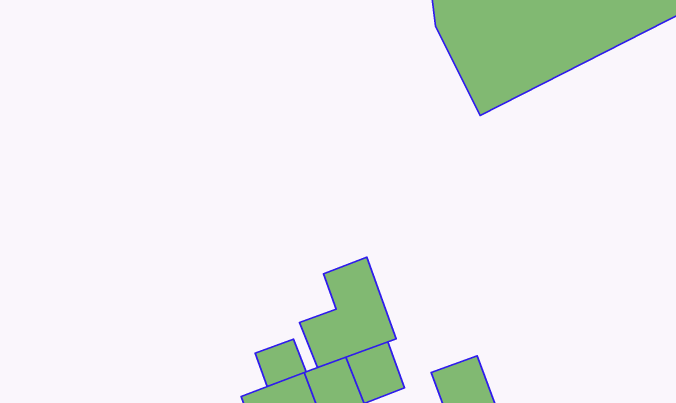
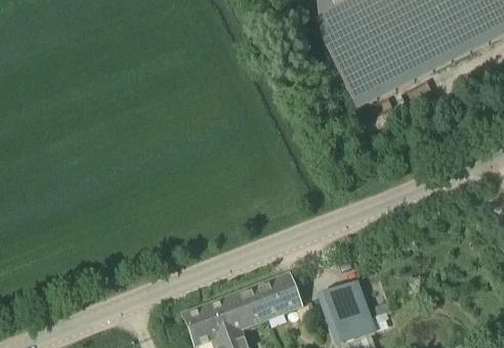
building: [299,257,396,368] -> none
building: [255,339,306,386] -> none

